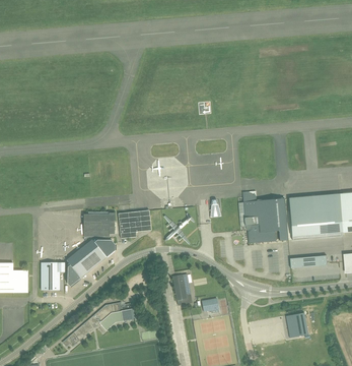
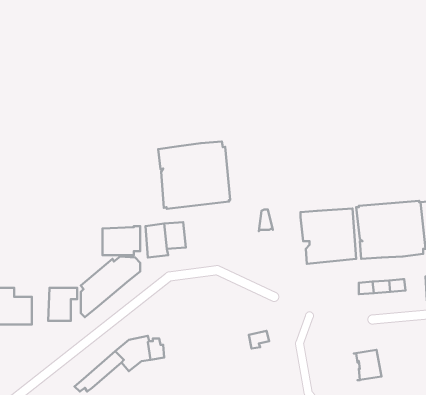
building: none -> [158,142,230,209]
building: [171,273,191,304] -> none

